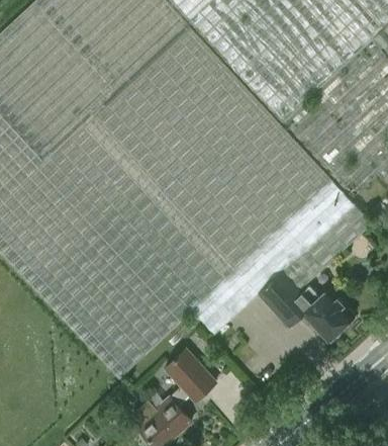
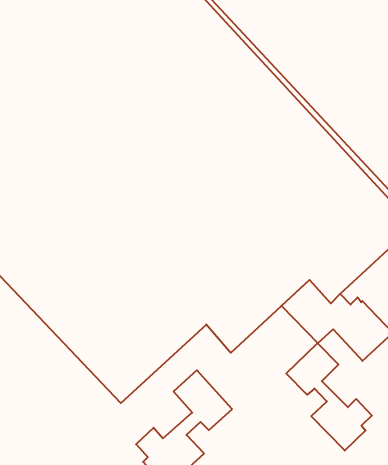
building: none -> [286,343,372,451]

